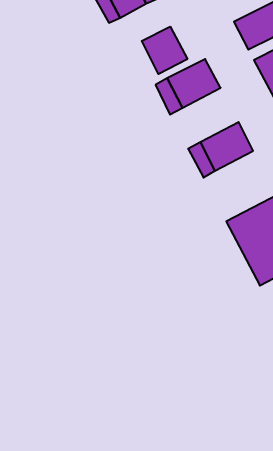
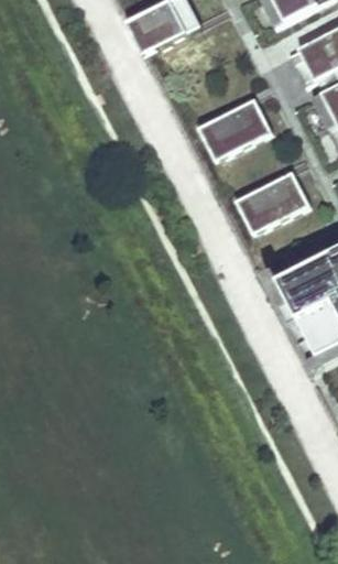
building: [142,27,187,74] -> none

